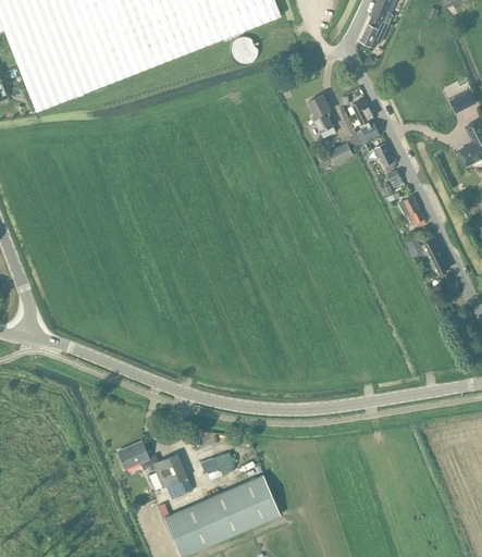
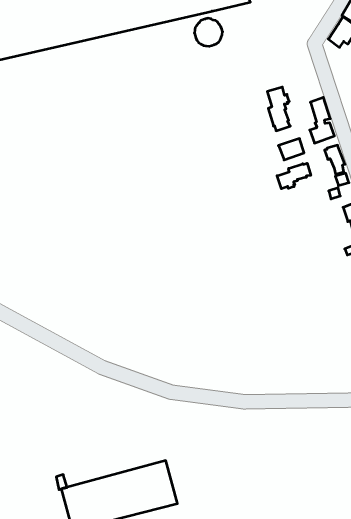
building: none -> [277,163,311,189]
building: [118,442,193,499] -> none
building: [200,453,231,480] -> none

